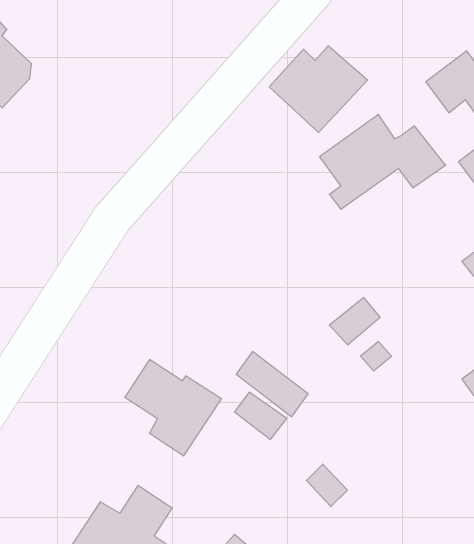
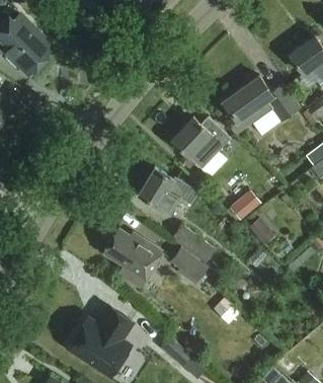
building: [269,46,367,132] -> [171,117,232,170]
building: none -> [139,170,198,215]

